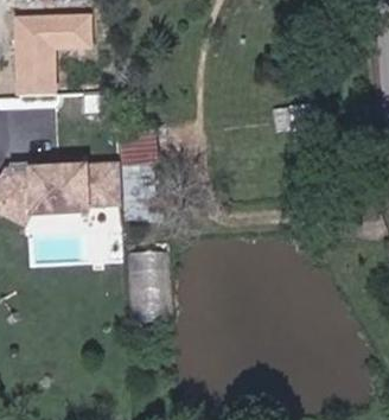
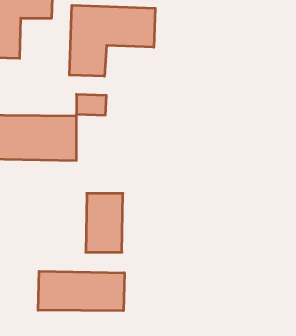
building: none -> [69,5,155,76]
building: none -> [38,271,124,311]

